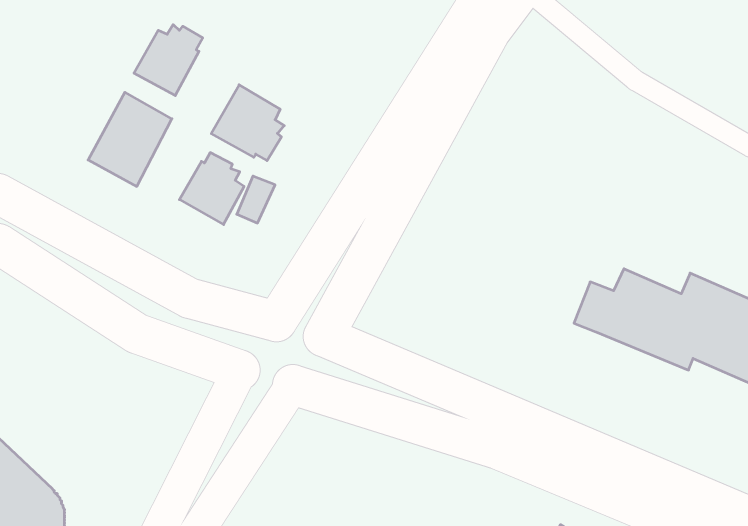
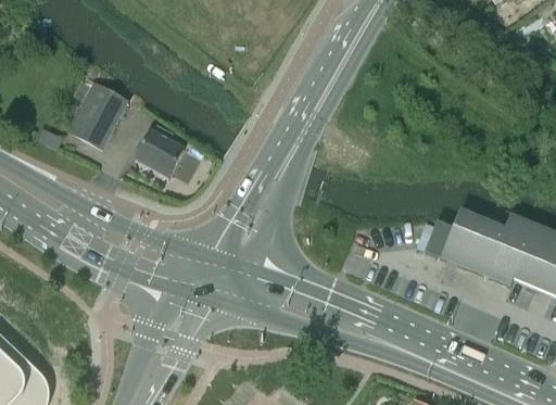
building: [134,25,203,96] -> none
building: [211,85,284,161] -> none

